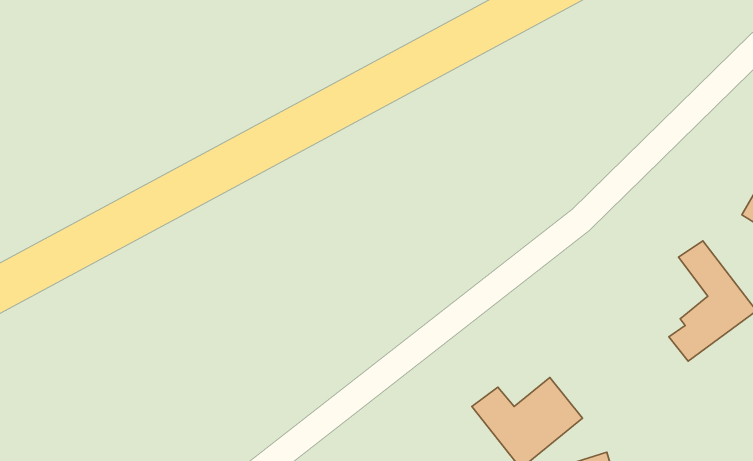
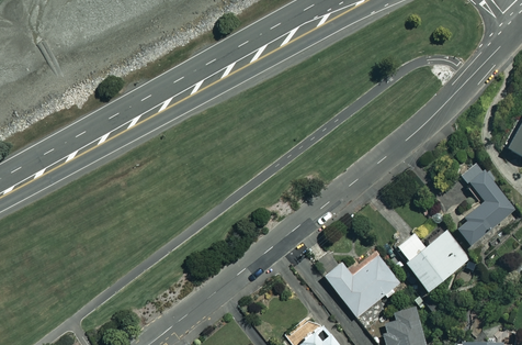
building: none -> [397,230,469,292]

